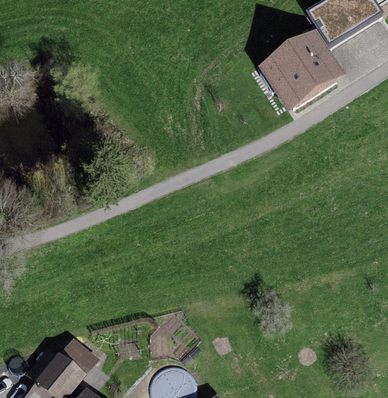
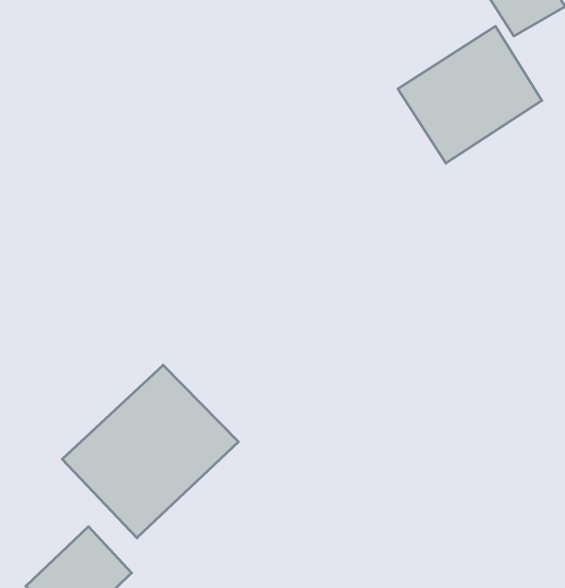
building: none -> [62,365,238,538]

